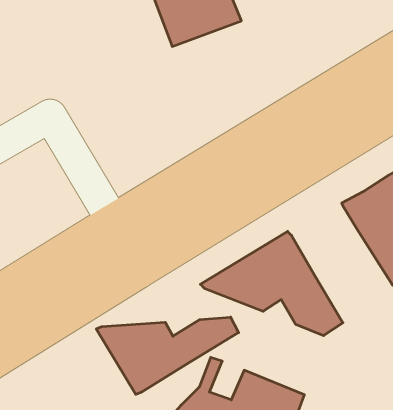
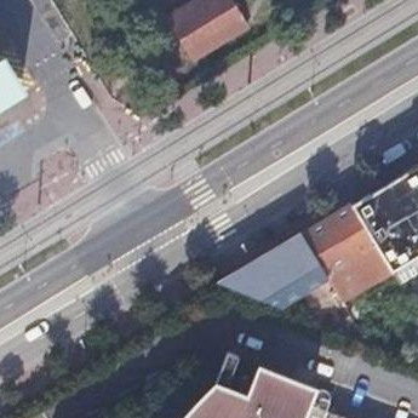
building: none -> [305,208,388,276]
building: [96,317,239,394] -> none

